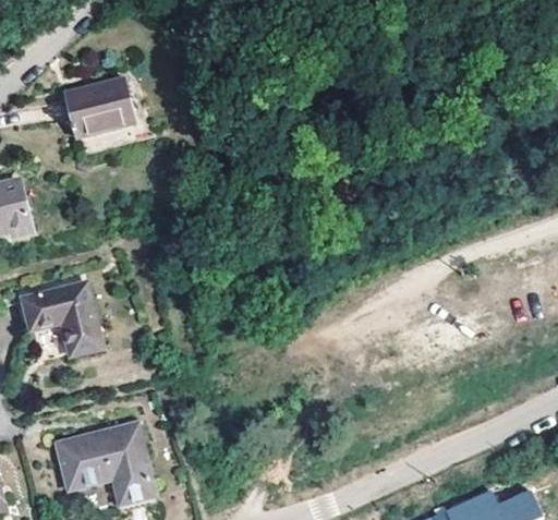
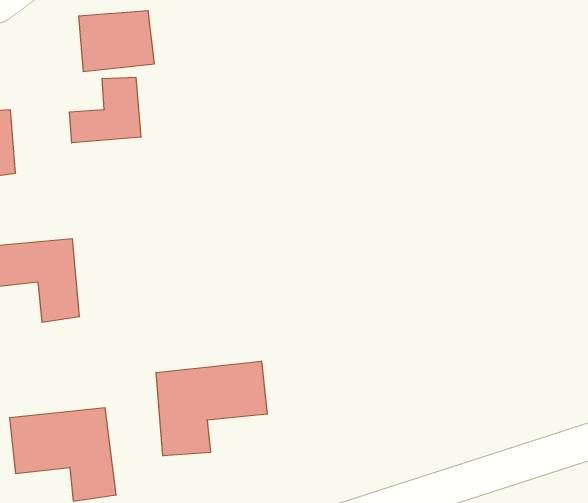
building: none -> [70,77,141,143]
building: none -> [156,361,267,456]

